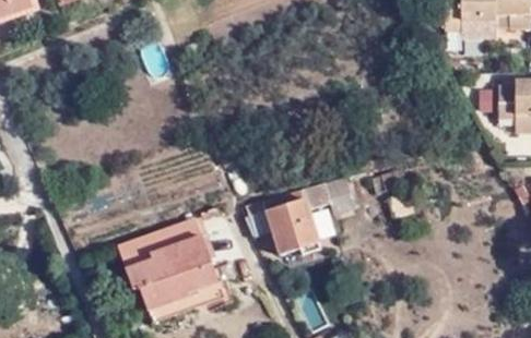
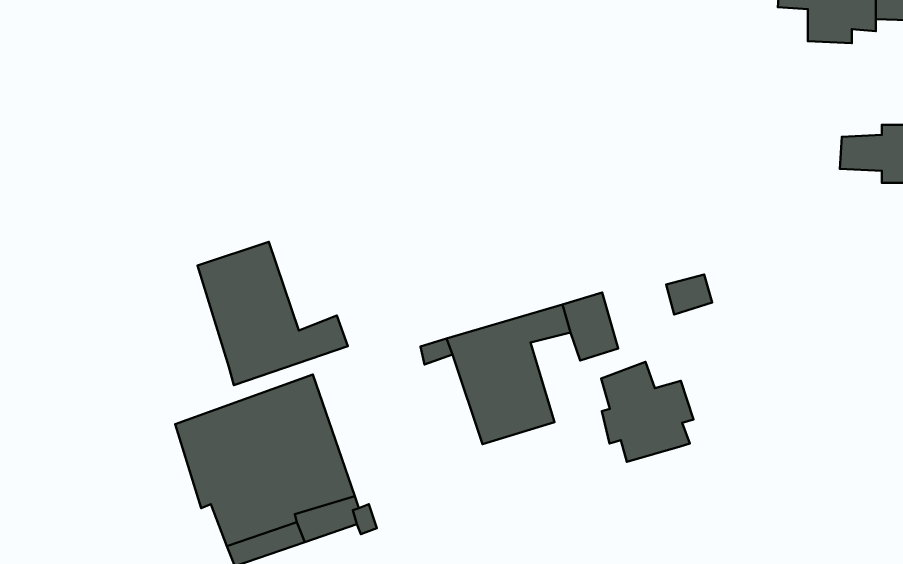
building: none -> [198,242,348,385]
building: none -> [601,362,694,462]

